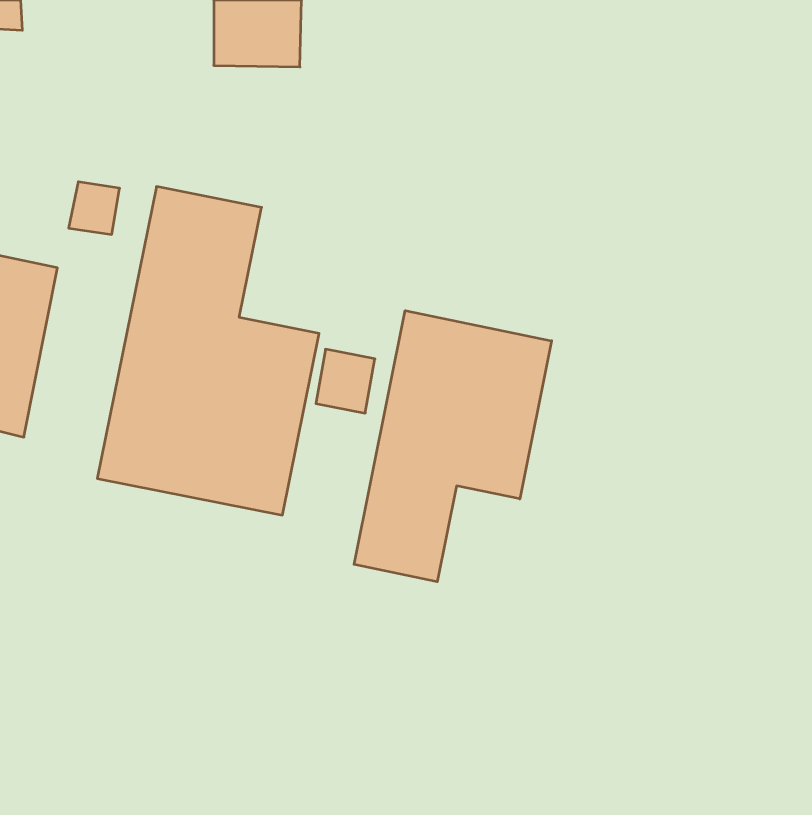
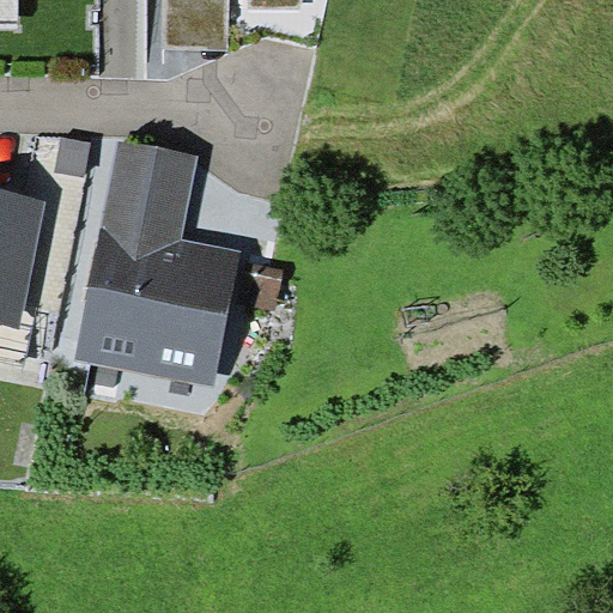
building: [354,311,552,582] -> none

